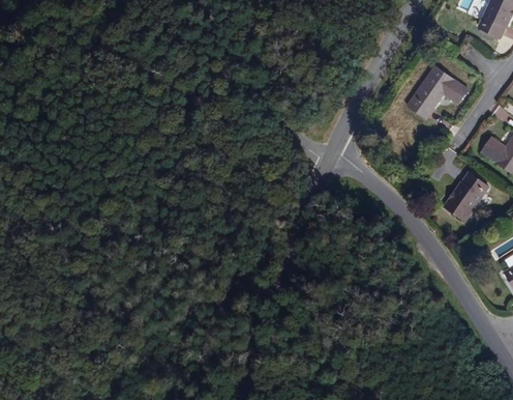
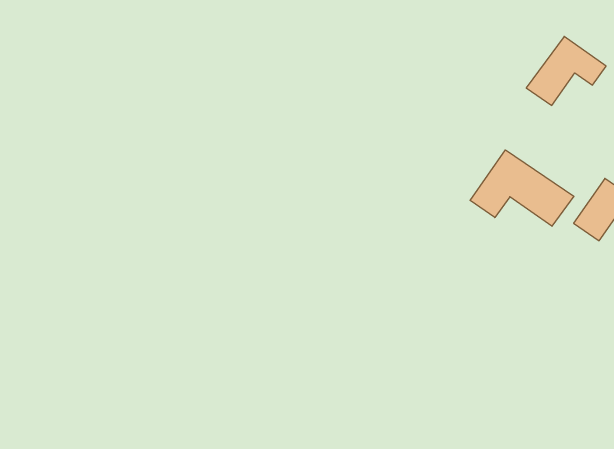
building: none -> [470,150,574,226]

